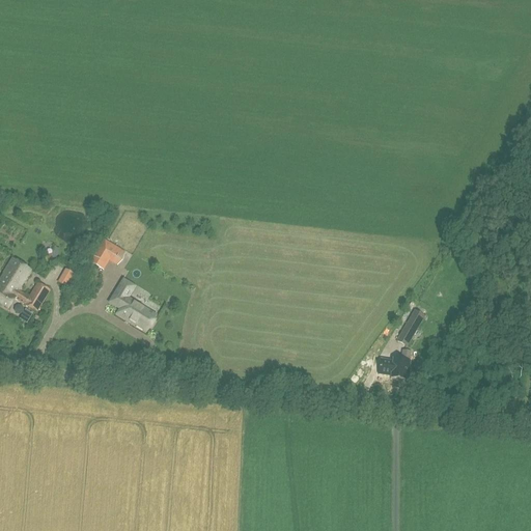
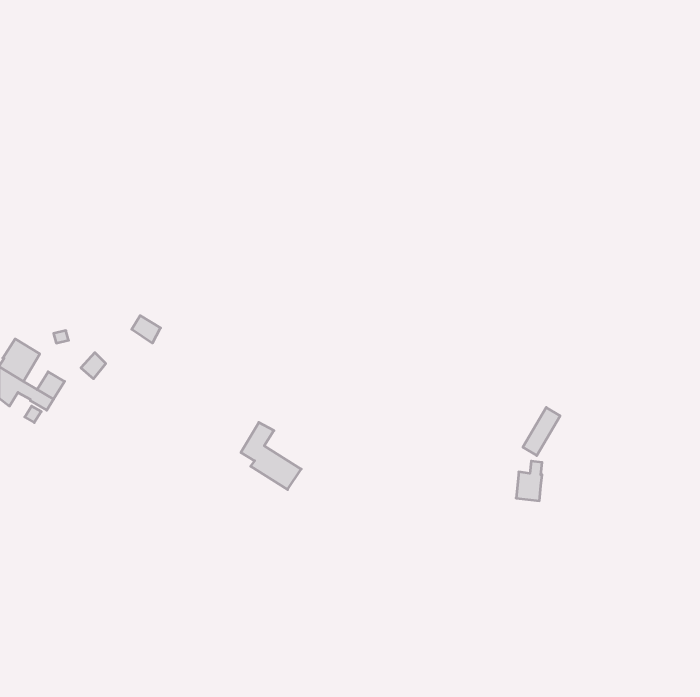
building: [107,275,152,326] -> [241,422,301,490]

